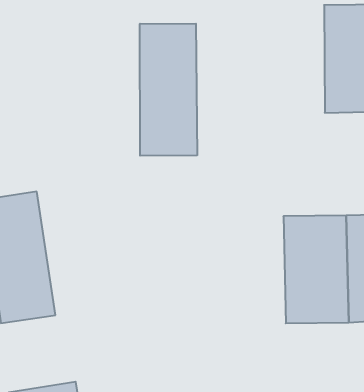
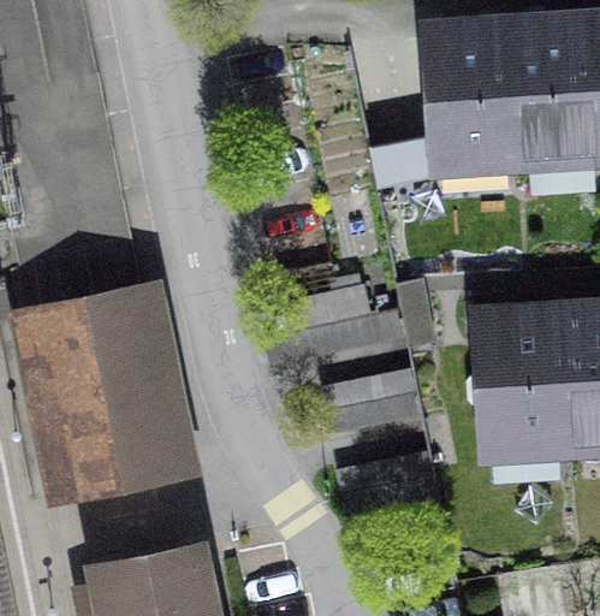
building: none -> [426,14,521,170]
building: [140,24,197,156] -> none

